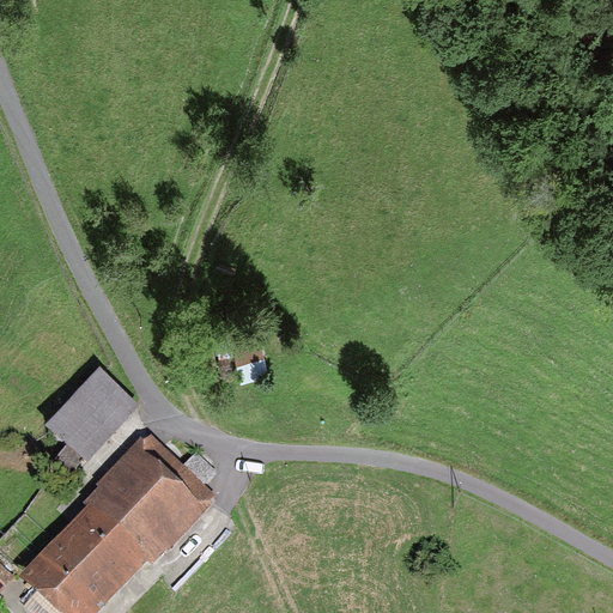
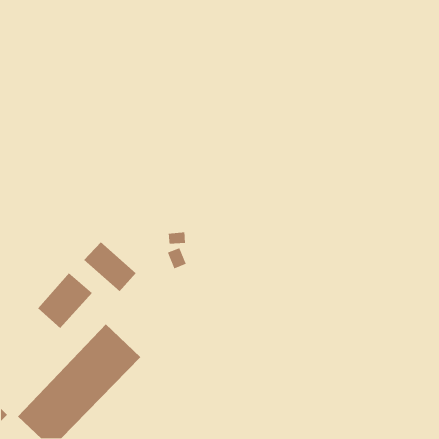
building: none -> [83,241,136,292]

